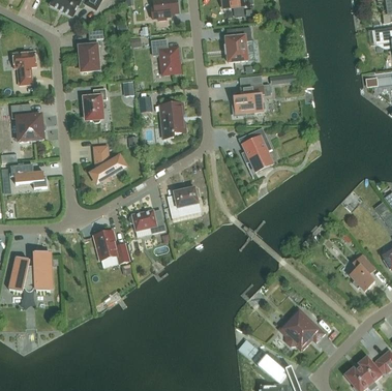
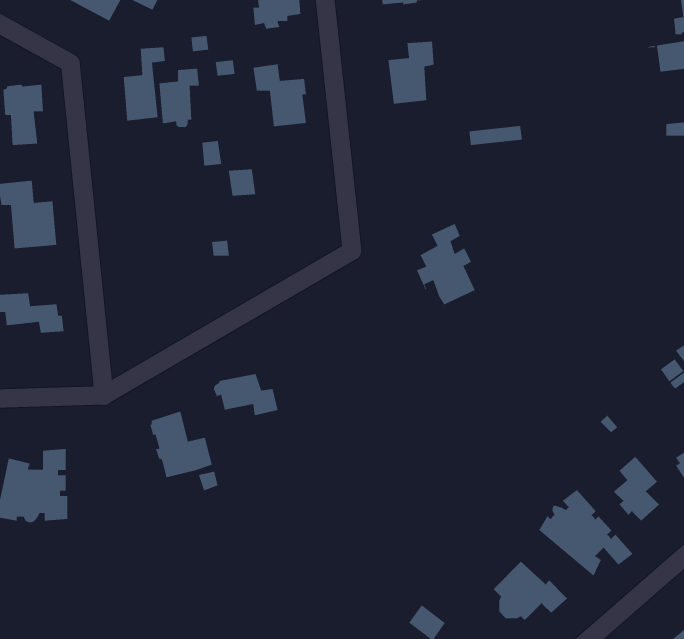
building: [233,85,271,114] -> none
building: [84,88,107,121] -> [158,68,200,128]
building: [160,102,185,138] -> none
building: [91,145,125,183] -> none
building: [170,186,200,217] -> none
building: none -> [538,489,634,577]

